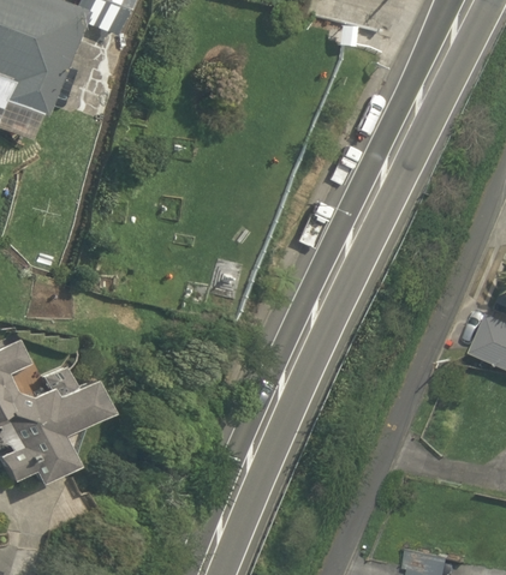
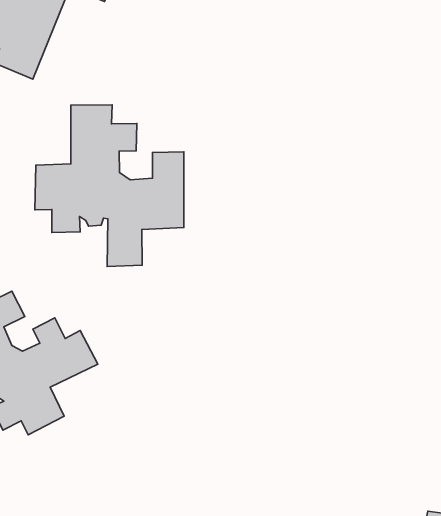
building: none -> [35,105,184,266]

